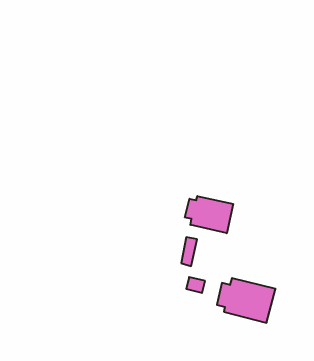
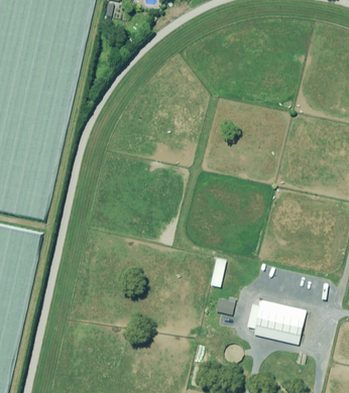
building: [185,196,233,233] -> none

